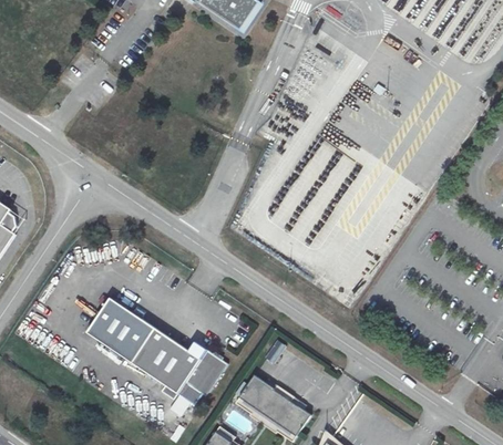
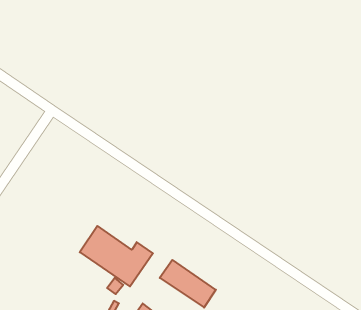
building: [86,298,155,362] -> none

